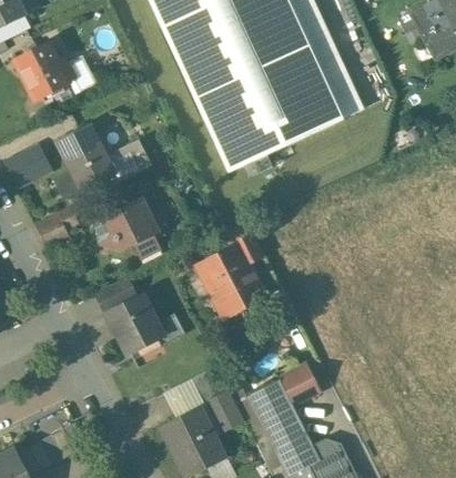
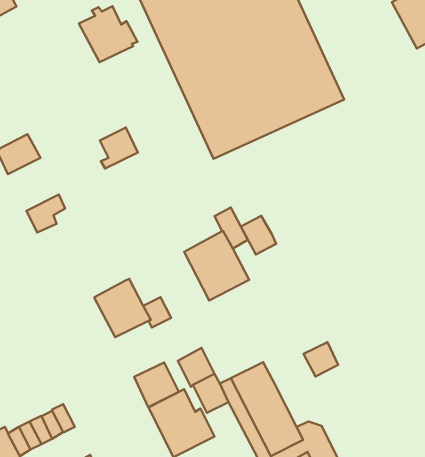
building: [14,42,74,100] -> [79,6,137,62]
building: [57,124,121,190] -> none
building: [89,204,160,255] -> none
building: none -> [241,216,276,255]
building: [93,276,138,314] -> none
building: [280,367,315,403] -> [304,342,338,377]
building: none -> [134,363,179,407]

